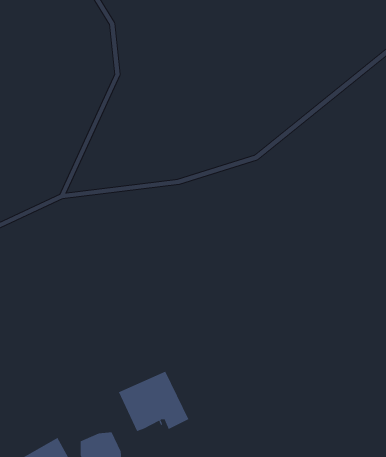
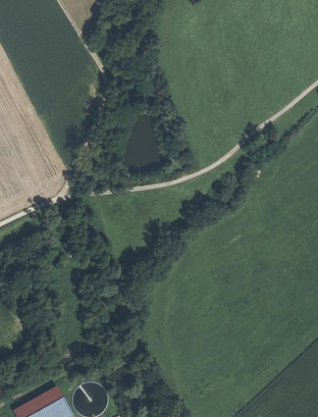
building: [118,371,189,432] -> none

